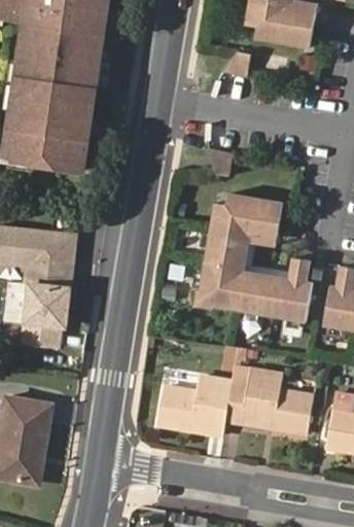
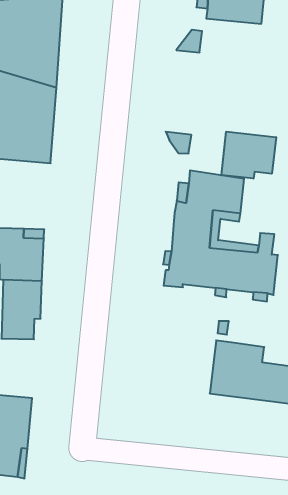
building: none -> [222,132,276,179]
building: [163,373,238,432] -> none

